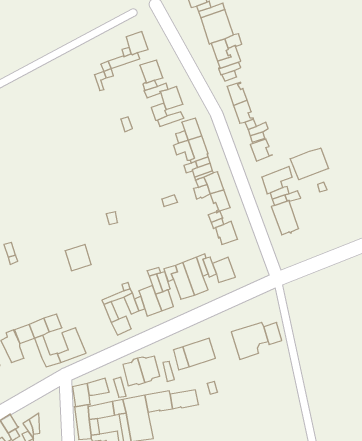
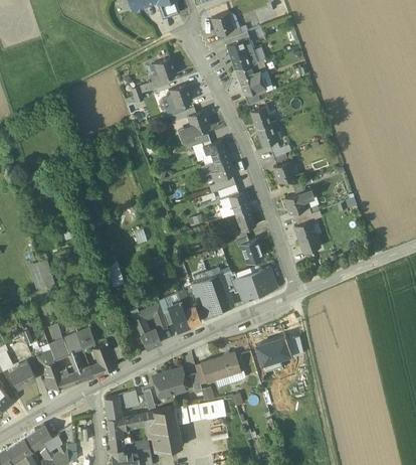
building: [290,148,329,180] -> none
building: none -> [252,269,276,294]
building: none -> [45,368,78,389]

